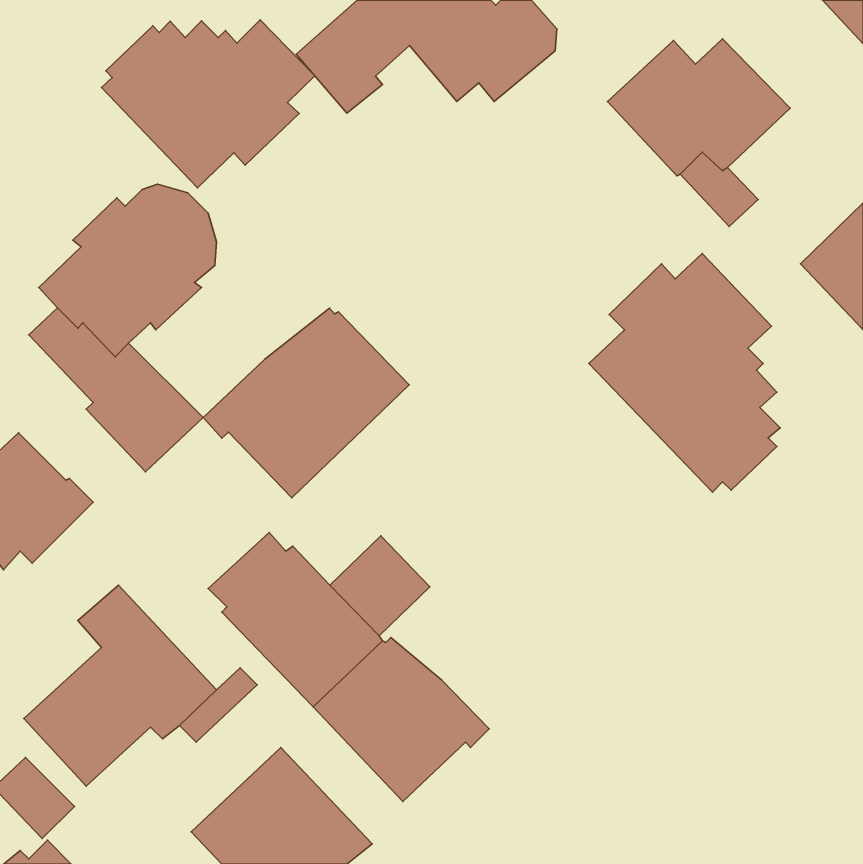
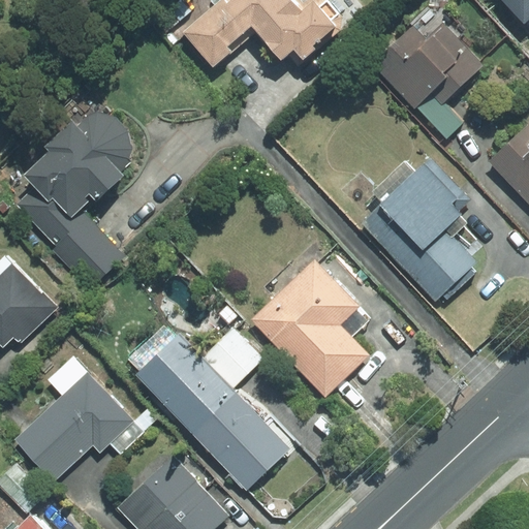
building: [101,20,315,188] -> none
building: [203,308,409,498] -> none
building: none -> [253,261,366,394]

